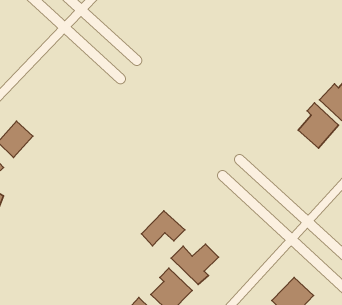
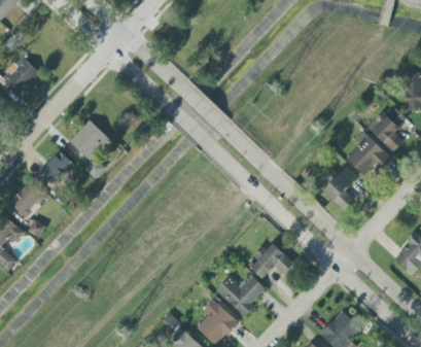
building: none -> [69,119,111,178]
building: none -> [322,166,357,209]
building: [142,211,185,246] -> [250,243,294,279]

